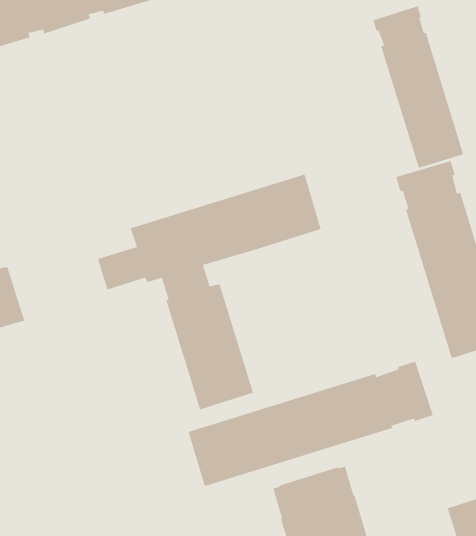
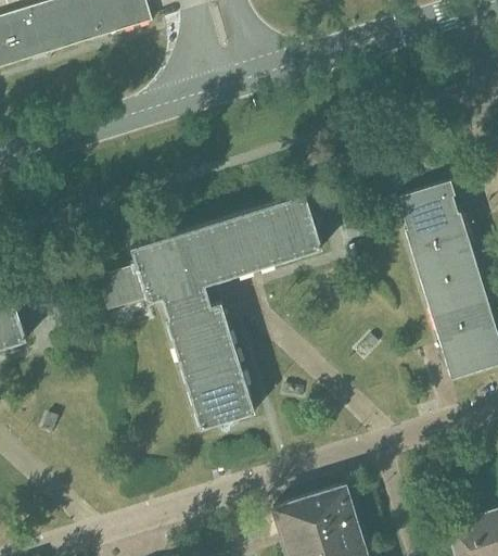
building: [373,5,464,169] -> none
building: [188,361,433,487] -> none

